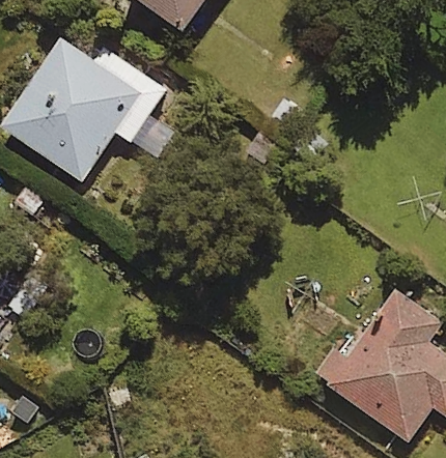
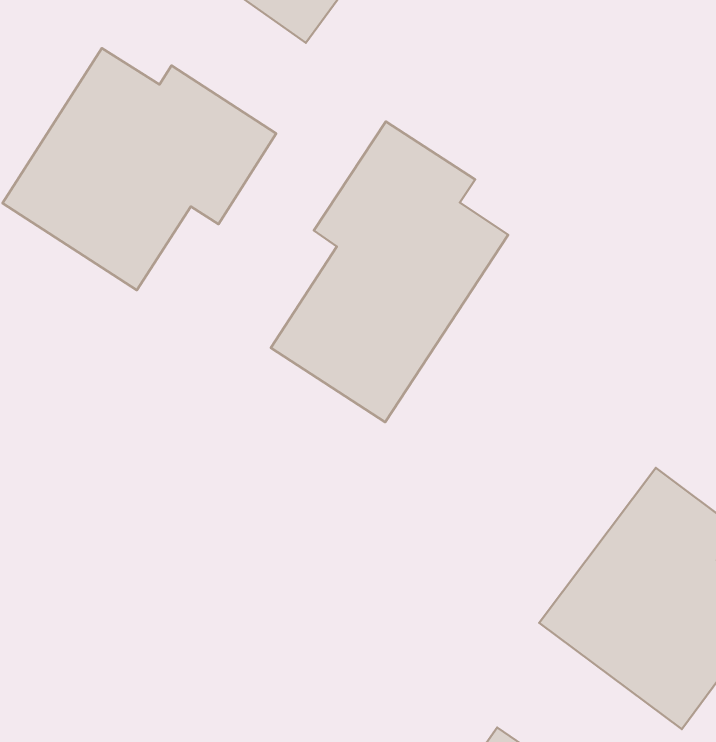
building: none -> [271,122,508,422]

